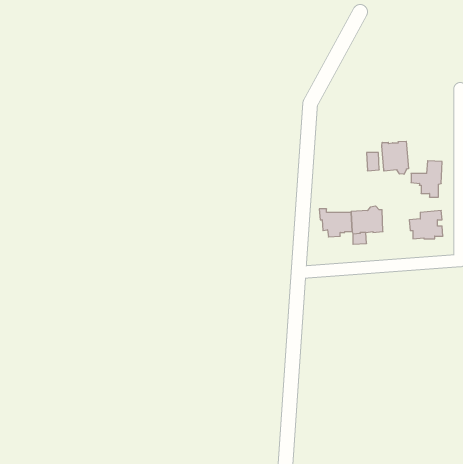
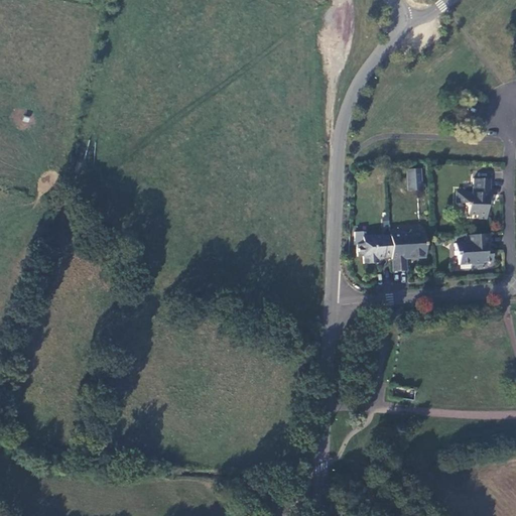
building: [382,141,409,174] -> none

